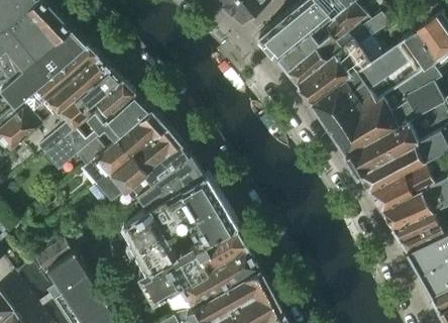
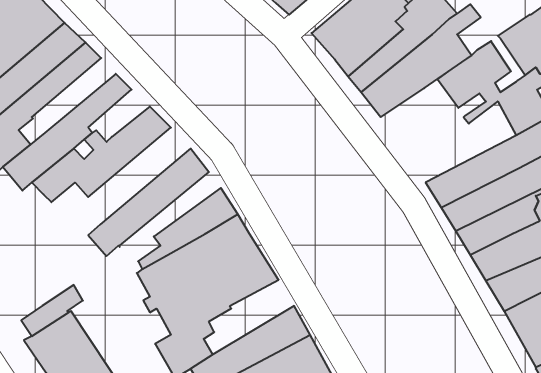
building: [43,56,108,113] -> none
building: [312,72,416,151] -> none
building: [87,80,134,116] -> none
building: [82,109,165,184] -> none
building: [111,143,189,215] -> none
building: [176,226,245,284] -> none

